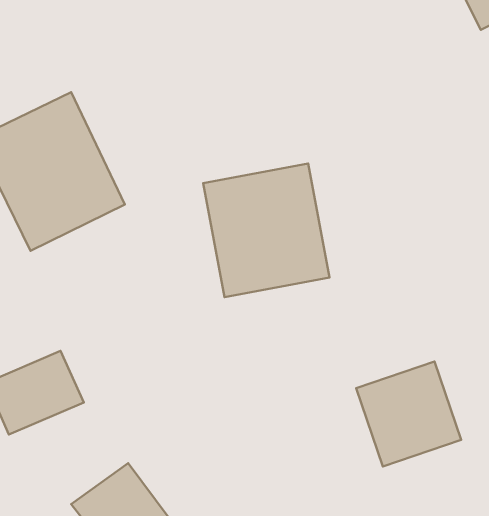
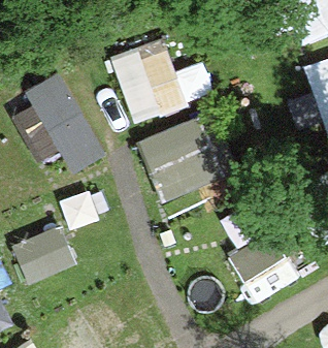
building: none -> [109,38,212,124]

